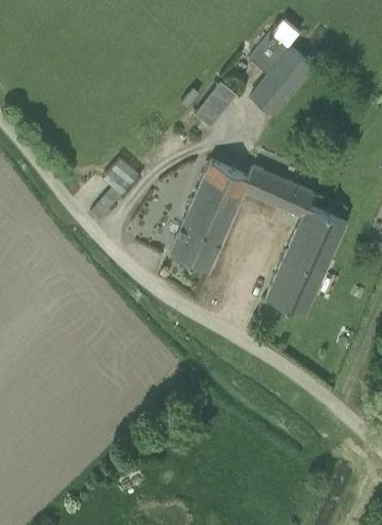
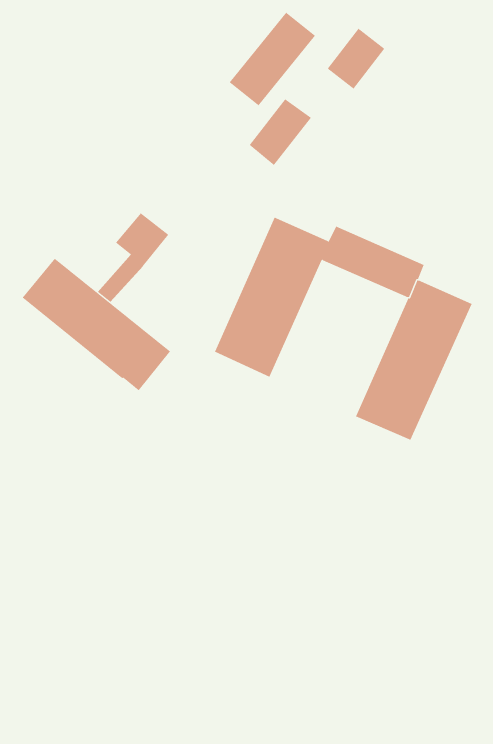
building: [252,49,311,114] -> [229,12,316,106]
building: none -> [22,258,171,391]

